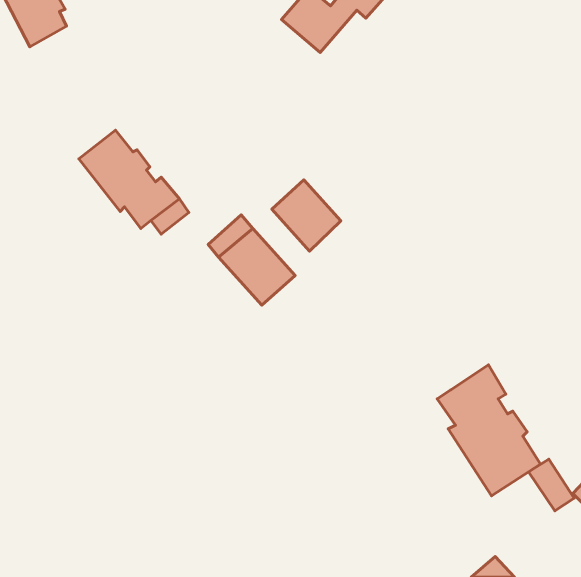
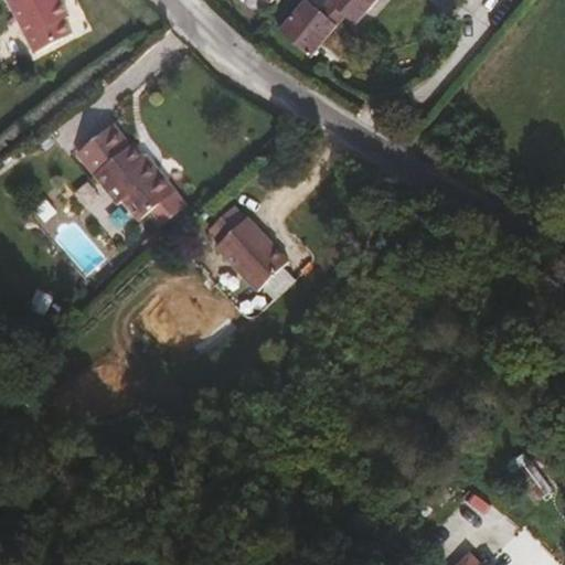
building: [272,180,341,251] -> none
building: [437,365,541,496] -> none

